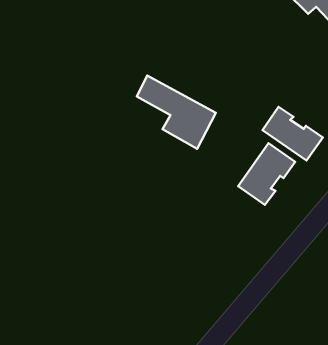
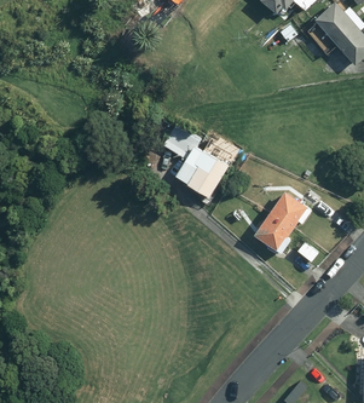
building: [262,107,323,161] -> none

